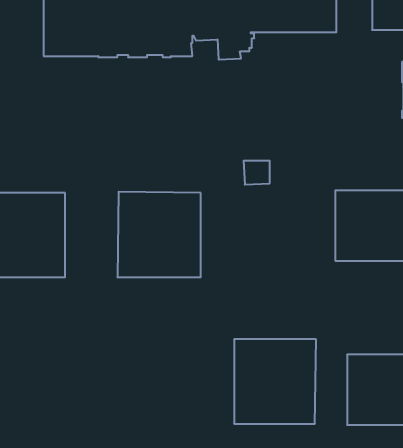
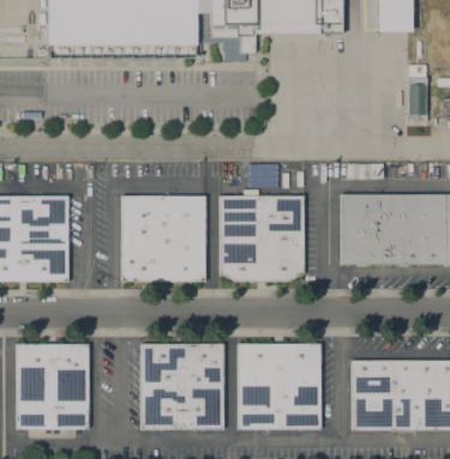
building: none -> [220,197,304,282]
building: none -> [17,344,89,429]
building: none -> [142,344,224,429]

